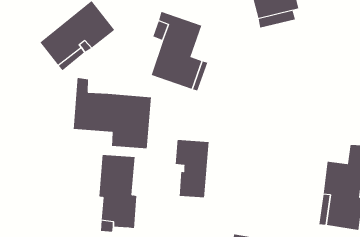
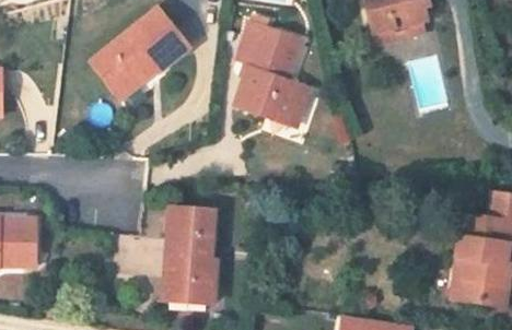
building: [73,77,151,149] -> none
building: [175,139,209,198] -> none

